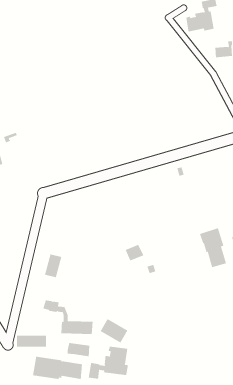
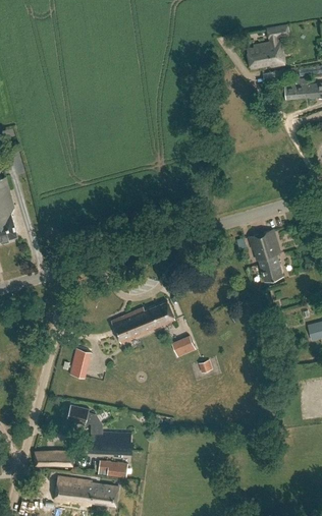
building: none -> [112,302,175,342]
building: [199,227,227,268] -> [249,229,283,280]
building: [100,318,128,343] -> none
building: [88,346,129,380] -> none

